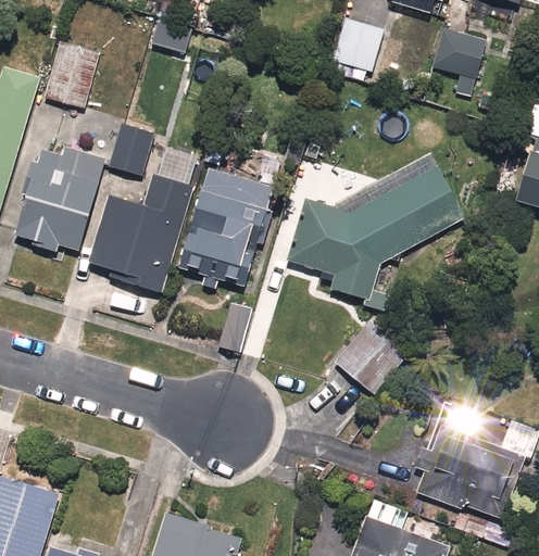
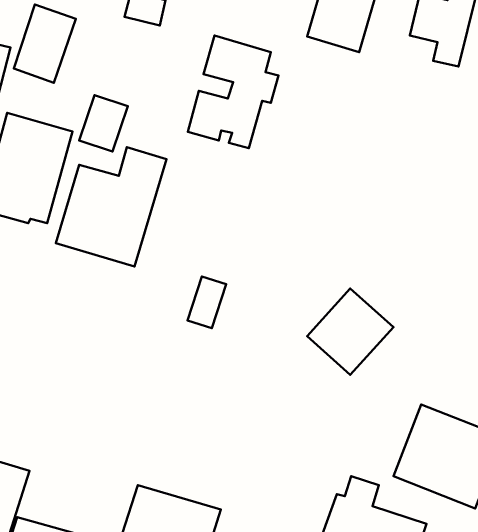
building: [288,150,475,300] -> none
building: [176,172,265,282] -> [188,36,279,148]

